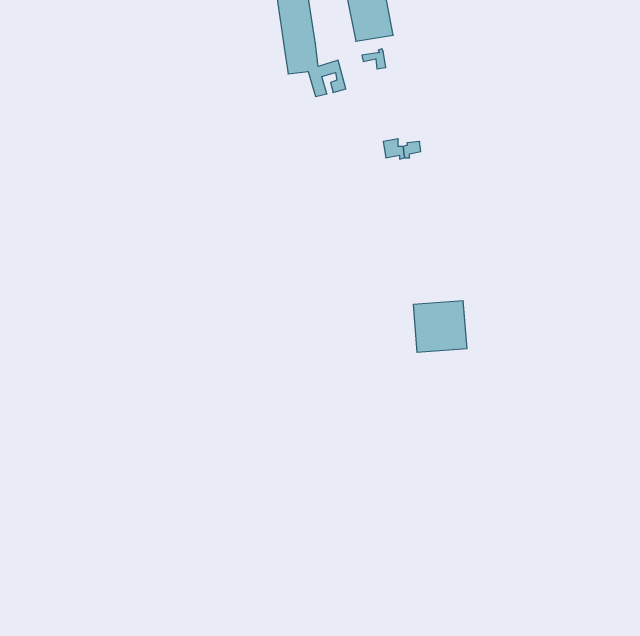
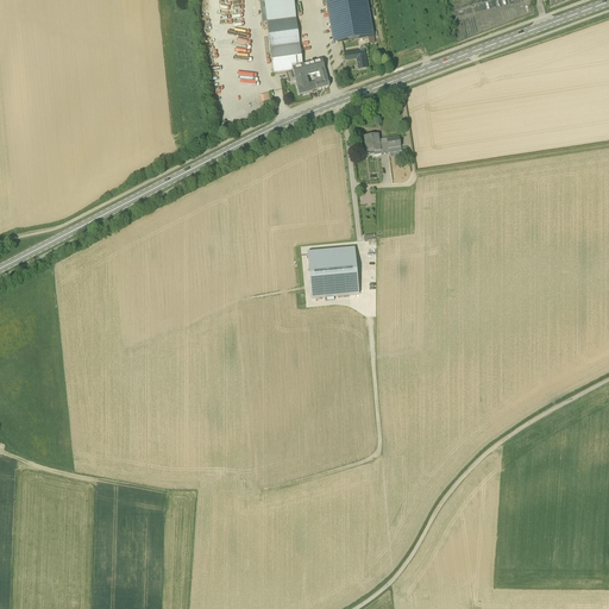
building: [413,301,467,352] -> [308,246,359,295]

